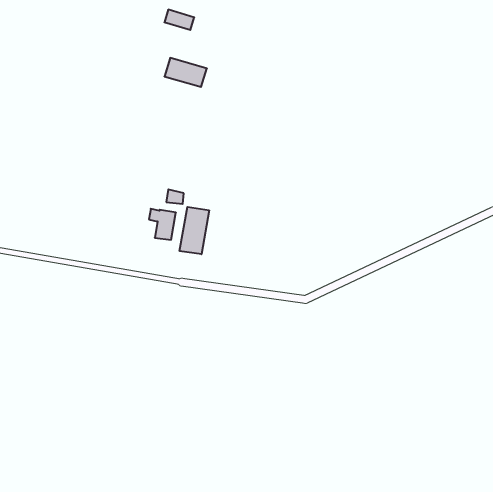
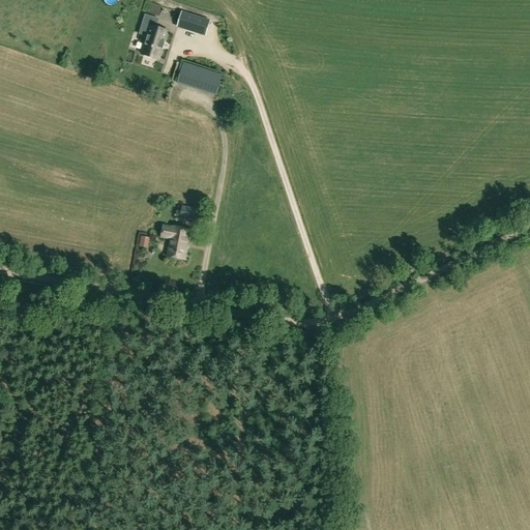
building: none -> [141,23,167,57]
building: [180,207,209,254] -> none

